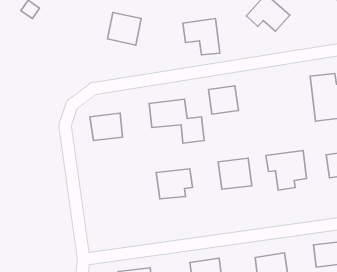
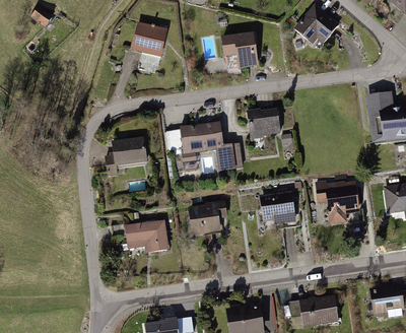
building: none -> [124,218,171,256]

